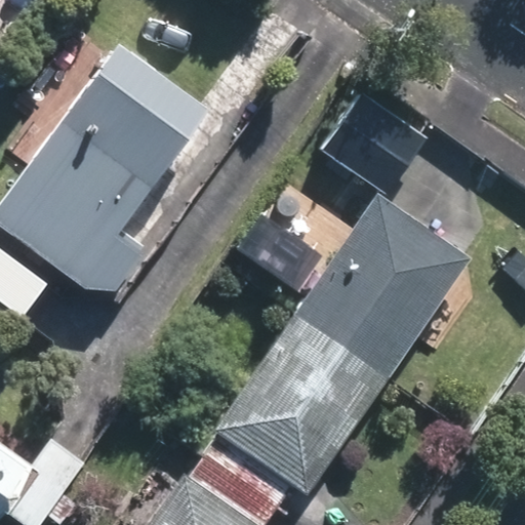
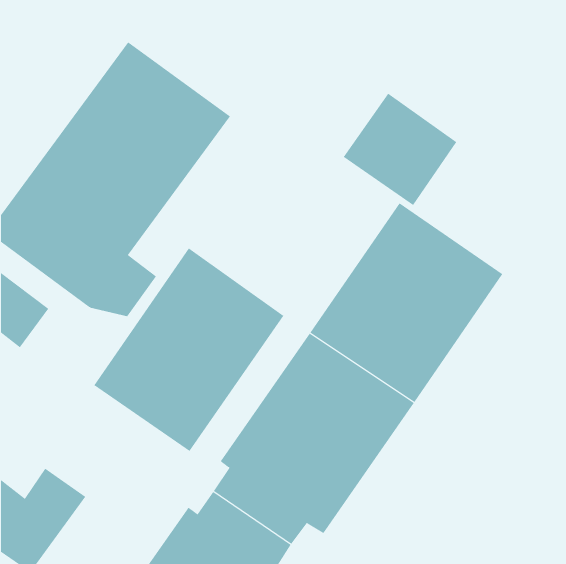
building: none -> [93,248,284,452]

